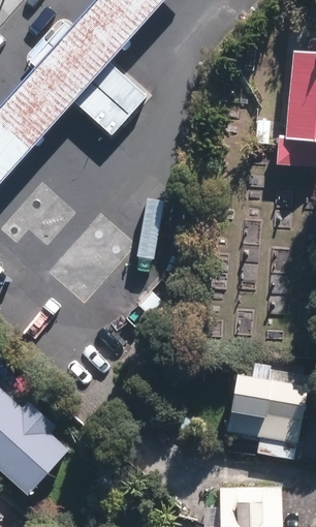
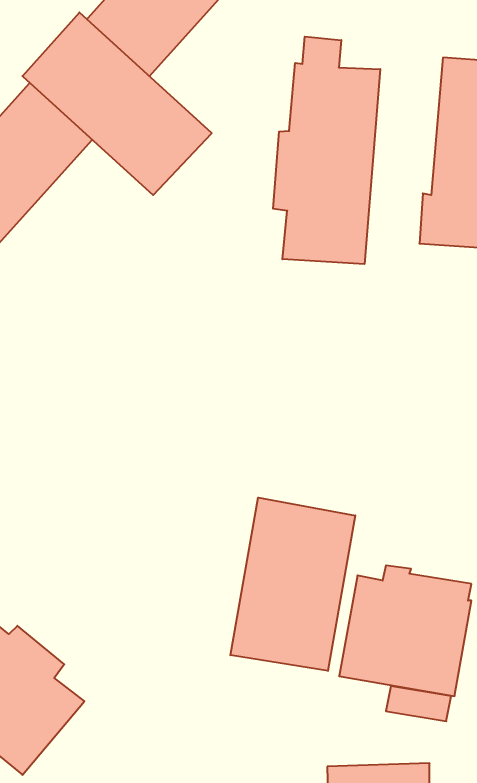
building: none -> [273,37,380,264]
building: none -> [230,498,355,671]

